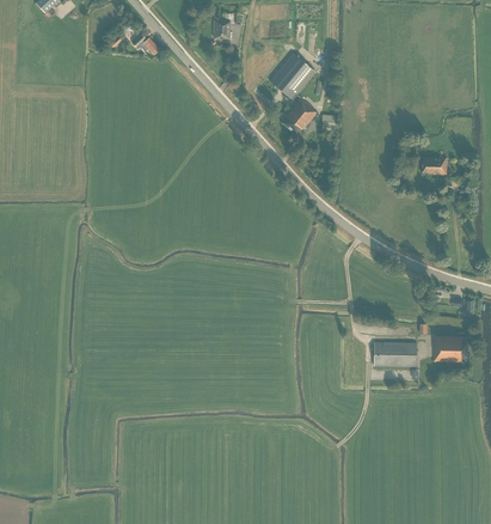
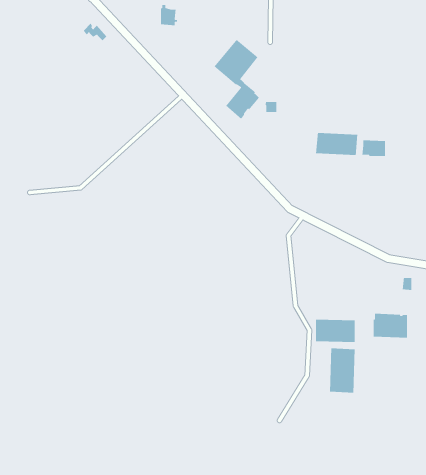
building: none -> [315,132,358,156]
building: none -> [329,347,355,394]

